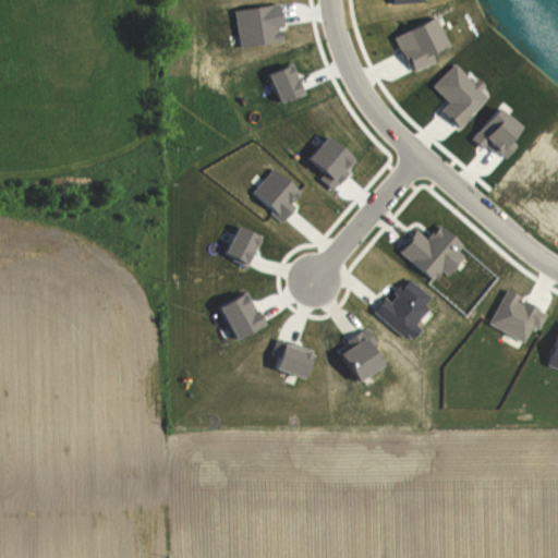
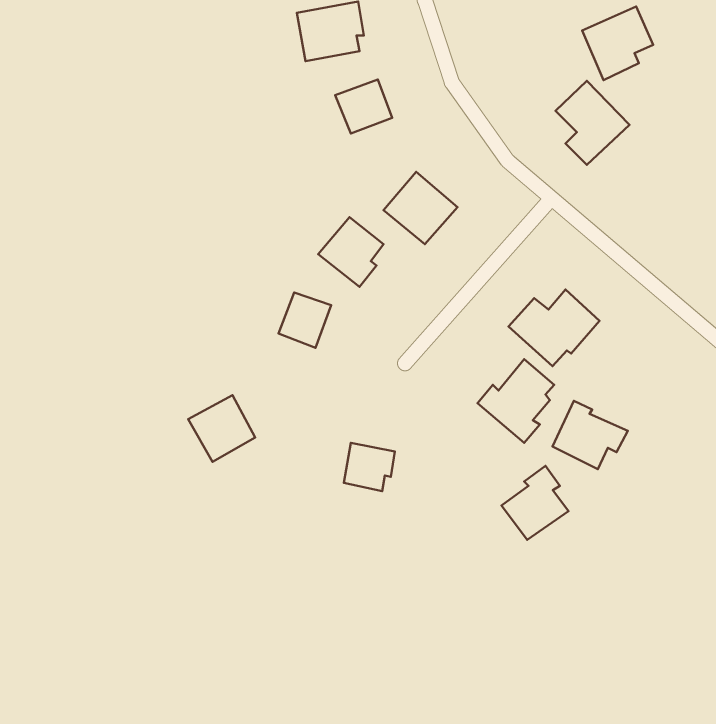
building: [396,16,450,73] -> [582,6,653,80]
building: [471,108,523,159] -> none
building: [213,289,264,340] -> [188,395,255,462]
building: [490,290,548,342] -> [552,401,628,469]
building: [332,327,384,384] -> [502,466,568,540]

